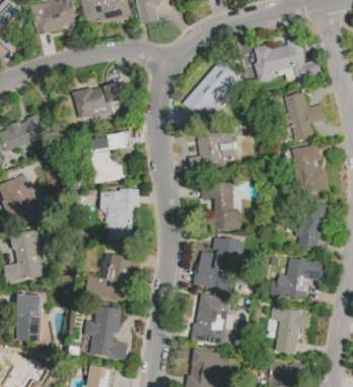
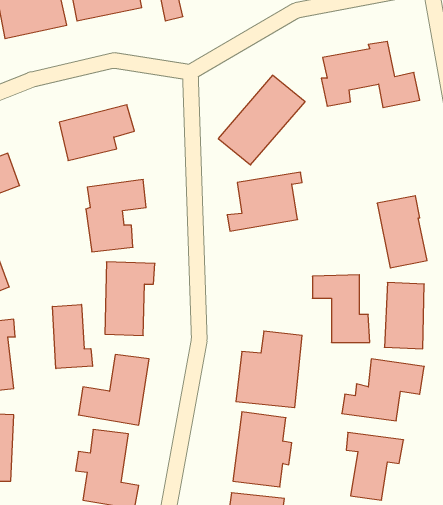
building: [284,92,326,141] -> none
building: [201,183,240,230] -> [312,275,370,342]
building: none -> [52,304,93,369]

